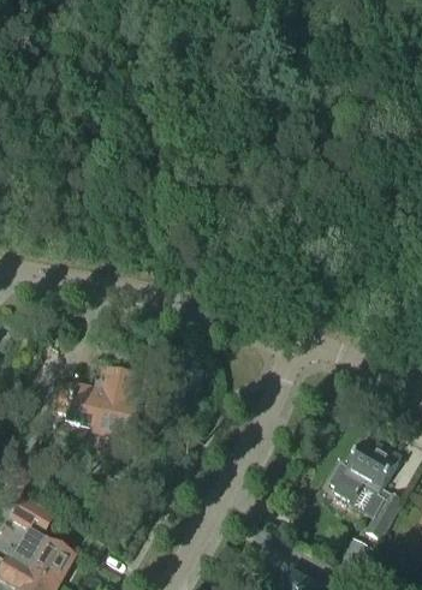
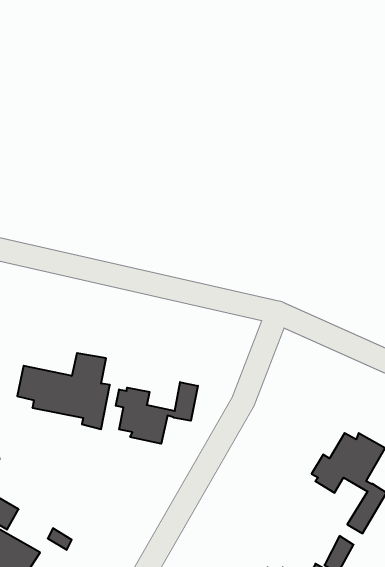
building: none -> [116,382,198,444]

